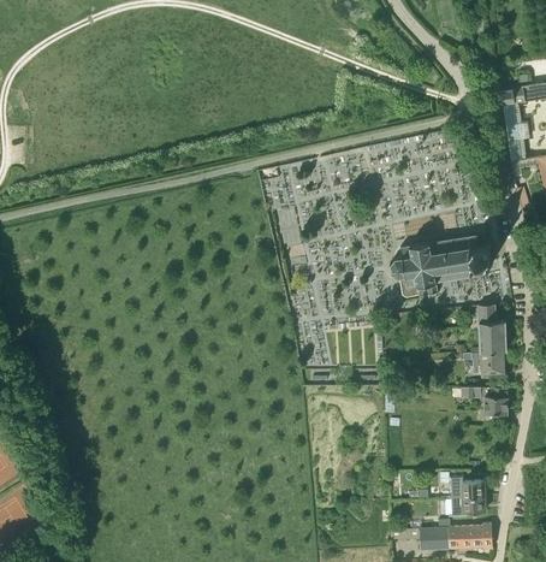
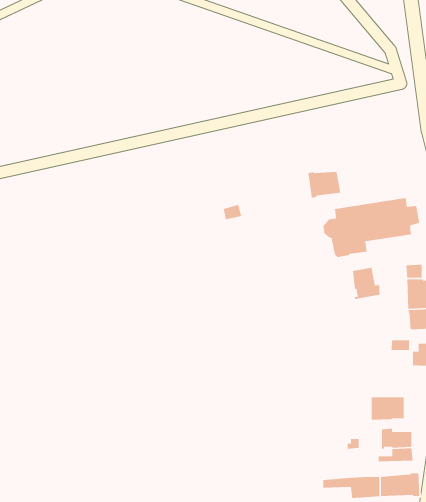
building: none -> [307,171,341,198]
building: none -> [352,267,380,300]
building: none -> [371,396,405,420]

